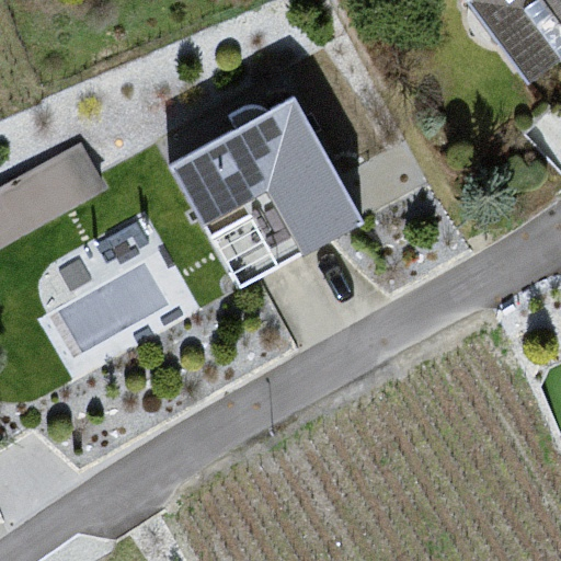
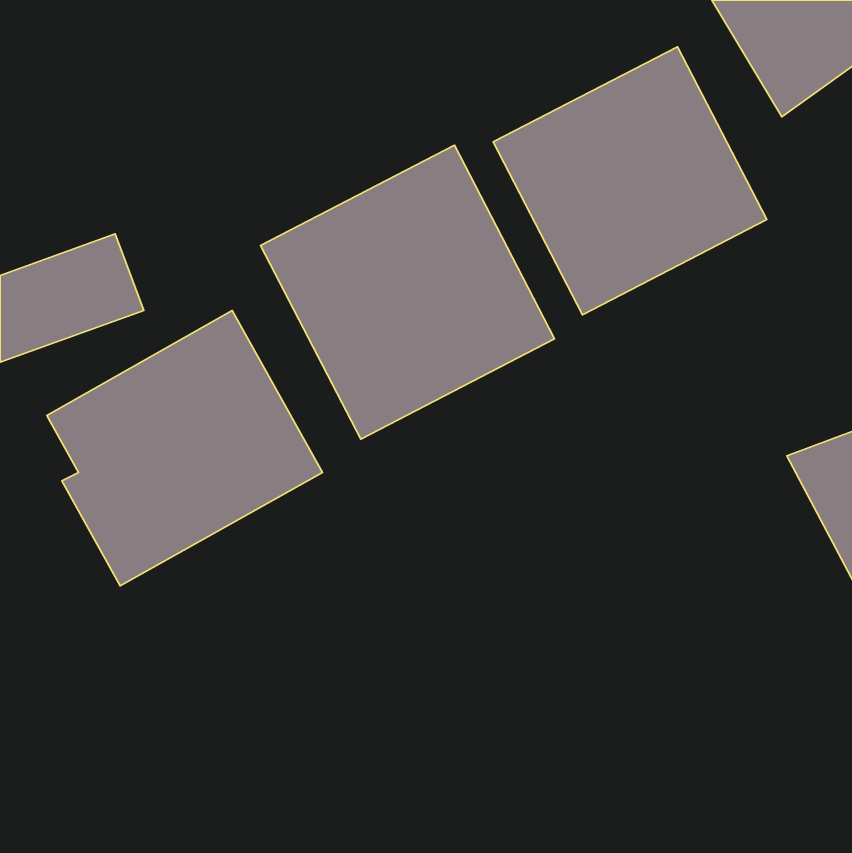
building: none -> [493,47,767,315]

